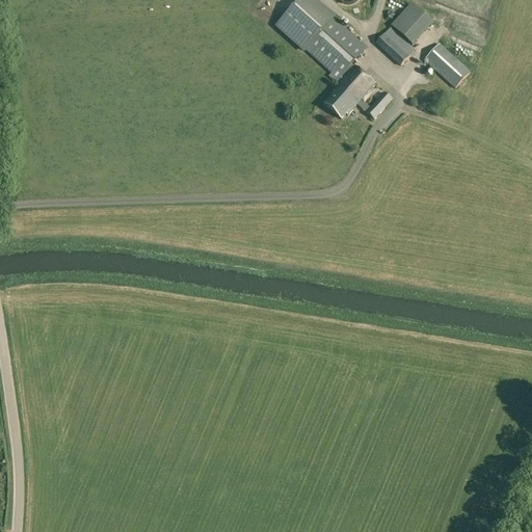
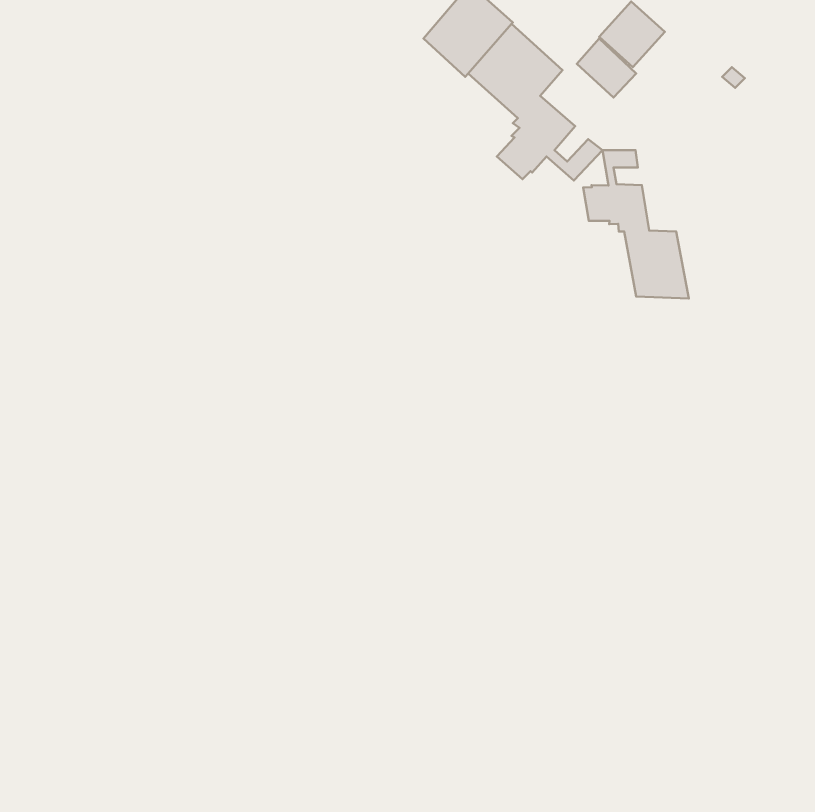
building: [423,42,469,86] -> none
building: none -> [583,150,689,299]

